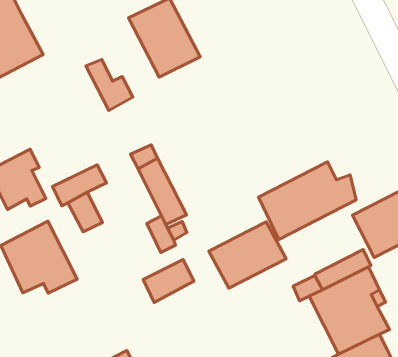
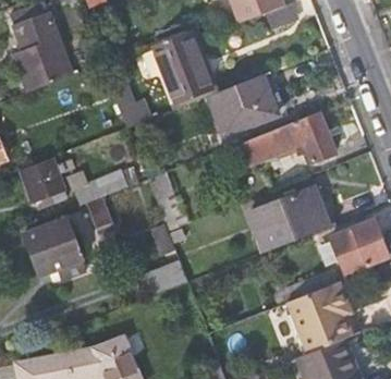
building: none -> [207,73,278,135]
building: none -> [242,111,335,163]
building: [209,222,286,288] -> none

